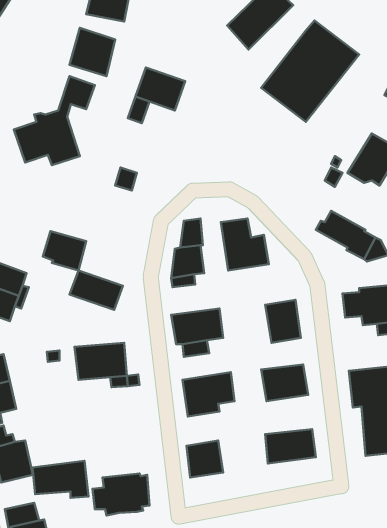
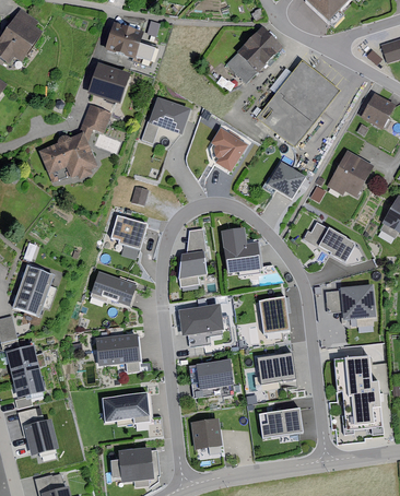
building: none -> [210,128,247,174]
building: none -> [267,162,305,198]
building: [43,231,86,270] -> [110,215,148,249]
building: [32,461,88,498] -> [102,392,150,424]

